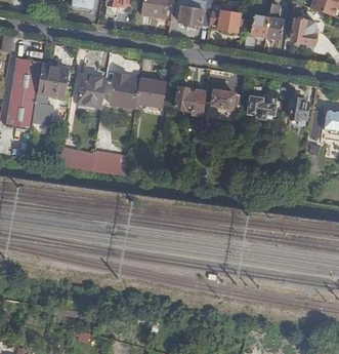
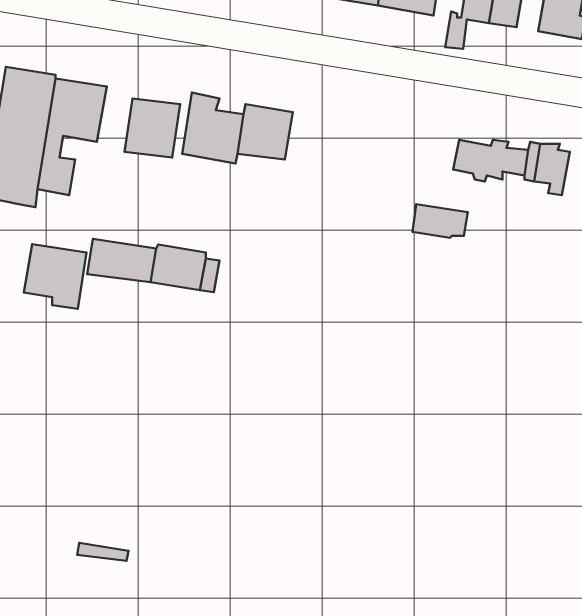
building: [175,87,206,116] -> none
building: [212,90,241,108] -> [412,204,468,238]
building: none -> [24,244,86,309]

